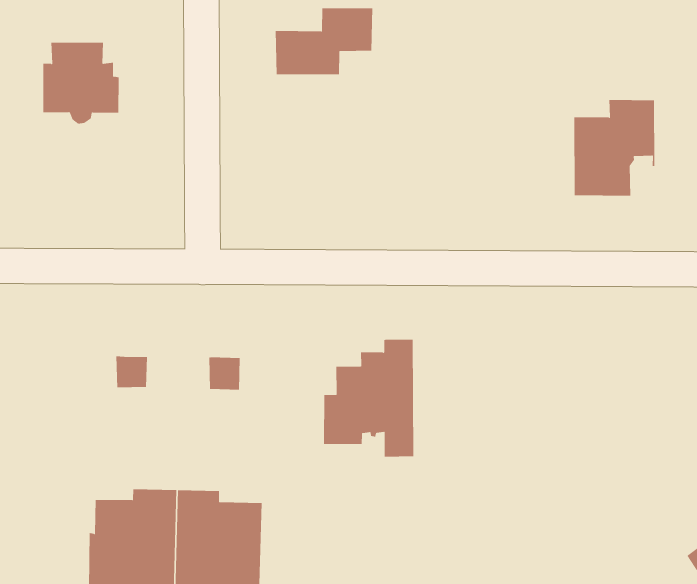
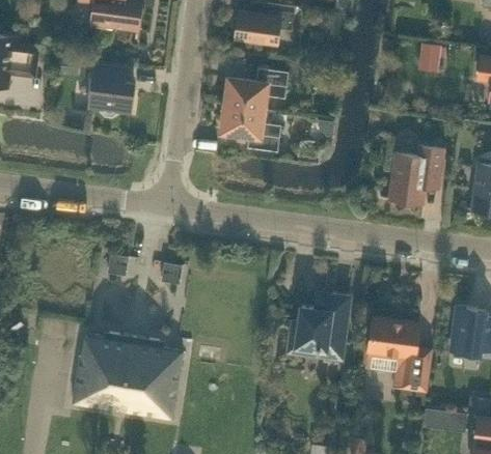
building: none -> [221,104,280,151]
building: [323,339,414,457] -> [288,294,349,365]
building: none -> [367,317,431,385]

